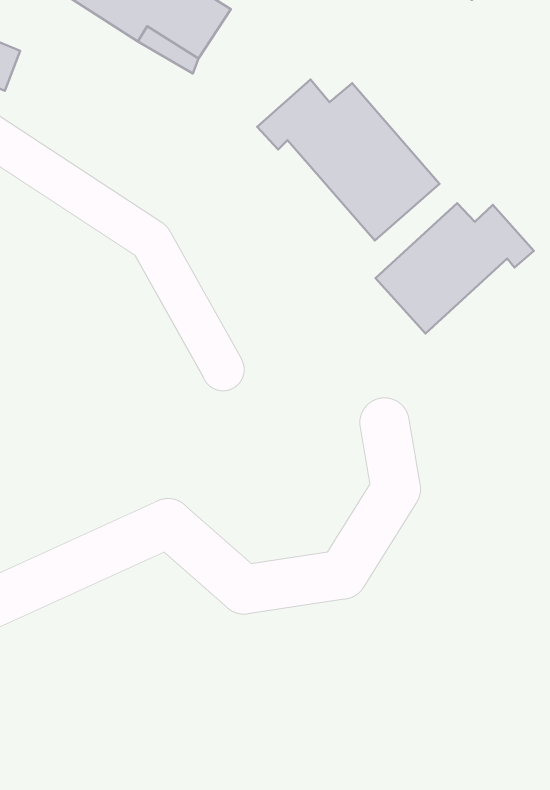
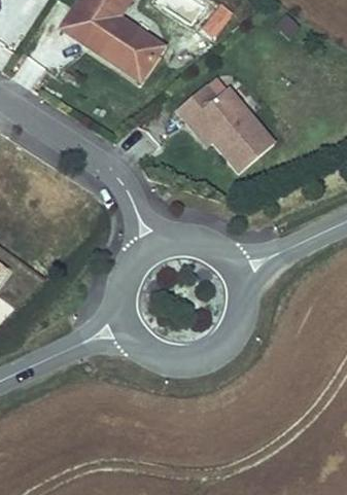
building: [376,203,534,334] -> none

